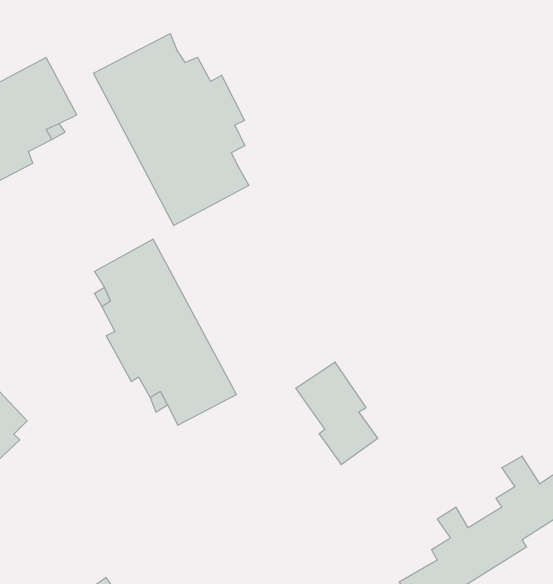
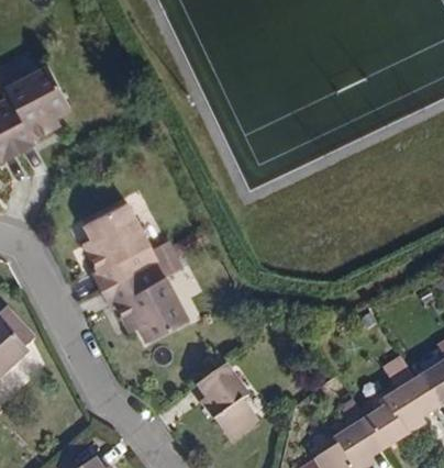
building: [94,34,249,226] -> none
building: [296,362,378,465] -> [197,363,258,439]

